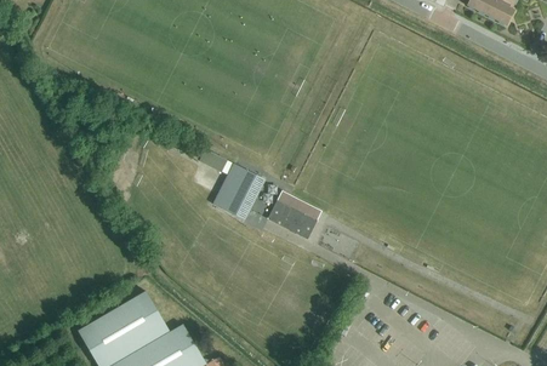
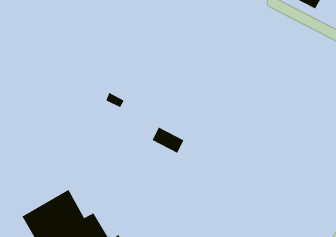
building: [213,162,264,218] -> none

